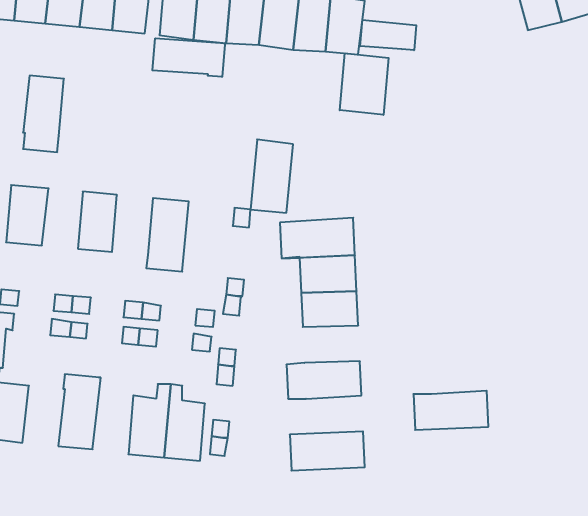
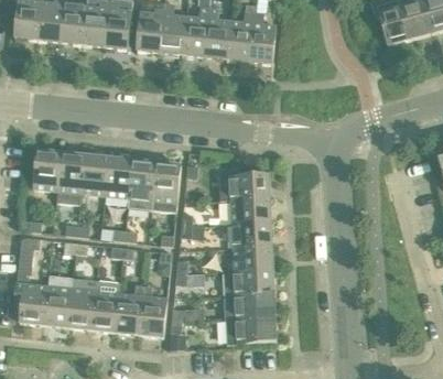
building: [360,20,416,50] -> none
building: [152,38,225,77] -> none
building: [340,53,389,115] -> none
building: [23,76,64,152] -> [57,153,85,205]
building: [251,139,293,213] -> [152,162,181,212]
building: none -> [105,158,132,198]
building: none -> [234,246,272,271]
building: none -> [44,275,73,327]
building: none -> [91,281,120,333]
building: [413,391,488,430] -> [224,293,274,320]

